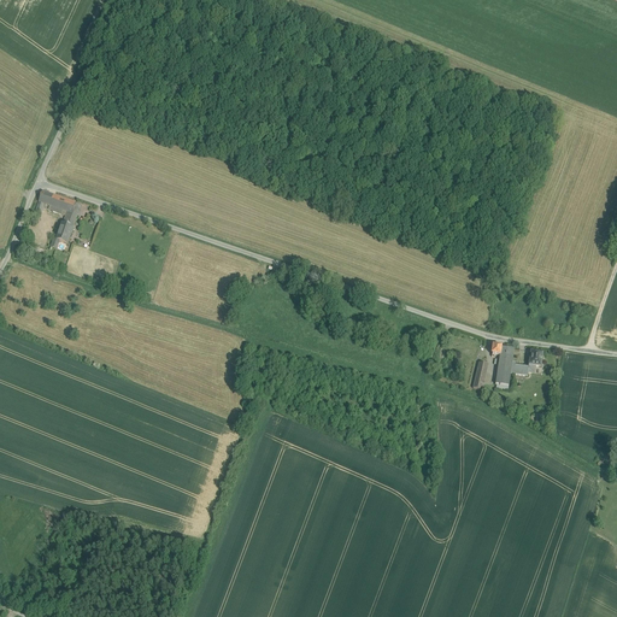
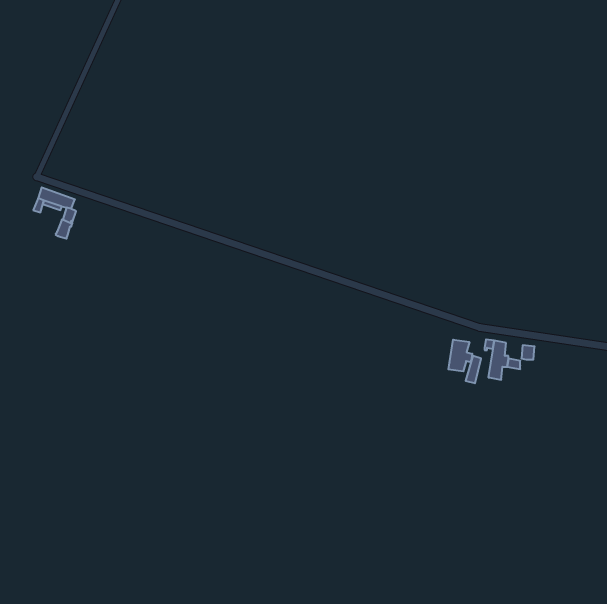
building: none -> [448,340,472,371]

